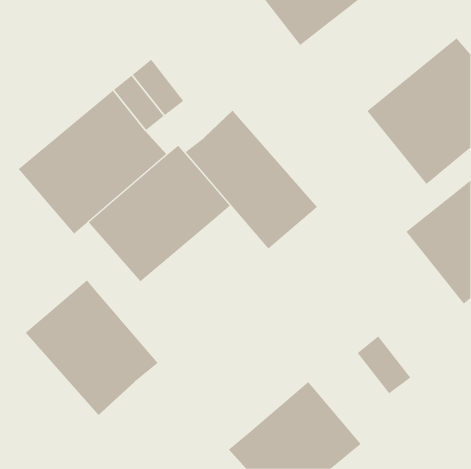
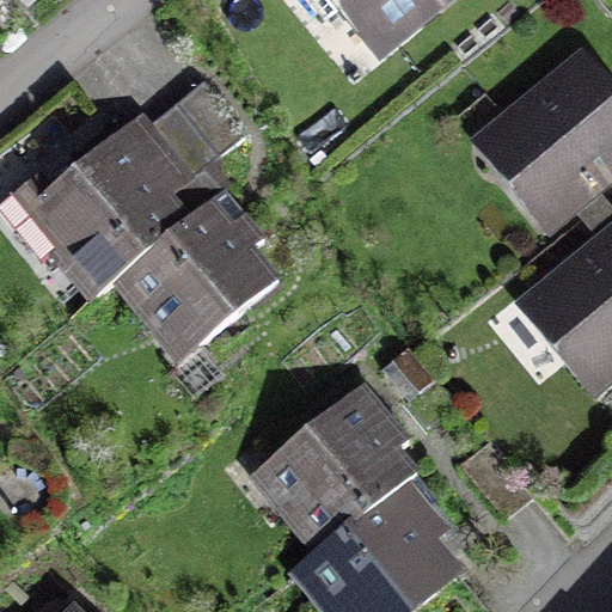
building: [185,110,318,249] -> none
building: [25,279,159,416] -> none
building: none -> [252,384,429,555]

